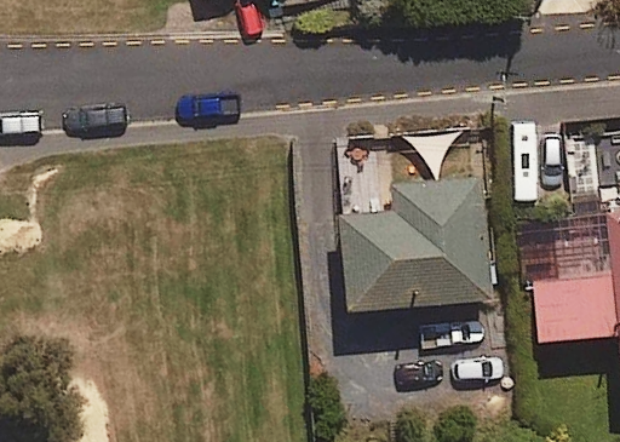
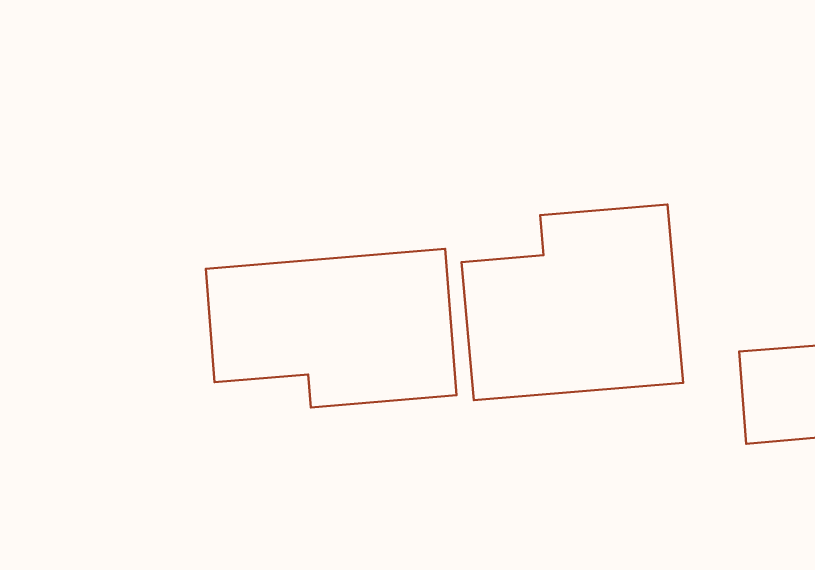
building: none -> [206,249,456,407]

